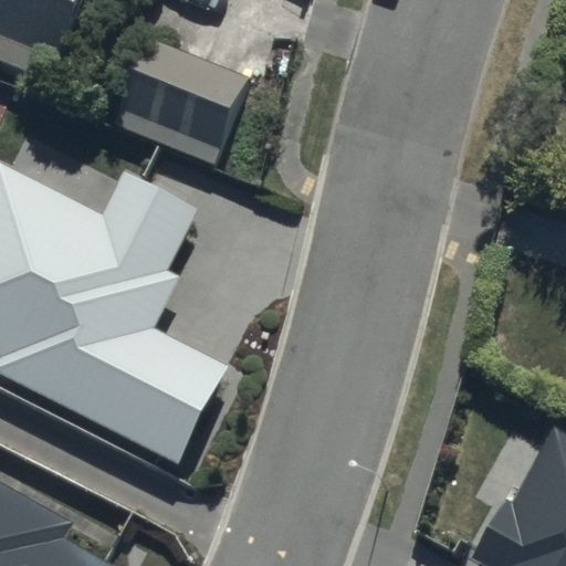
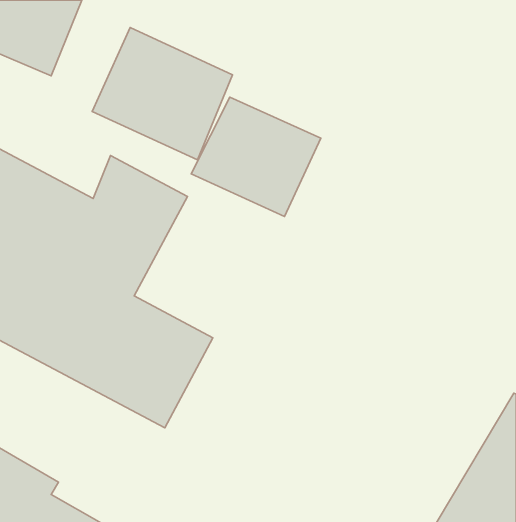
building: none -> [191,97,321,217]

